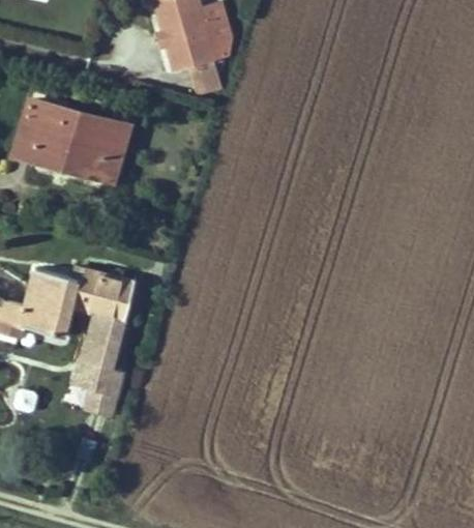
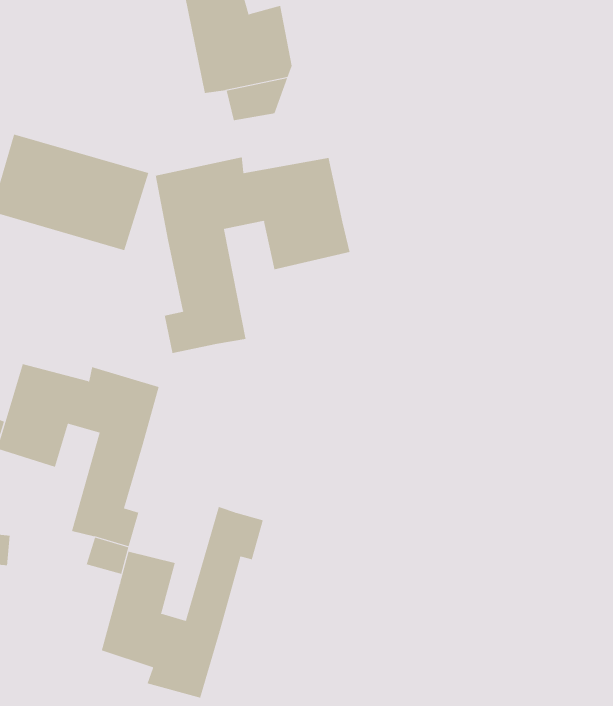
building: none -> [155,156,350,354]
building: none -> [101,506,263,698]

